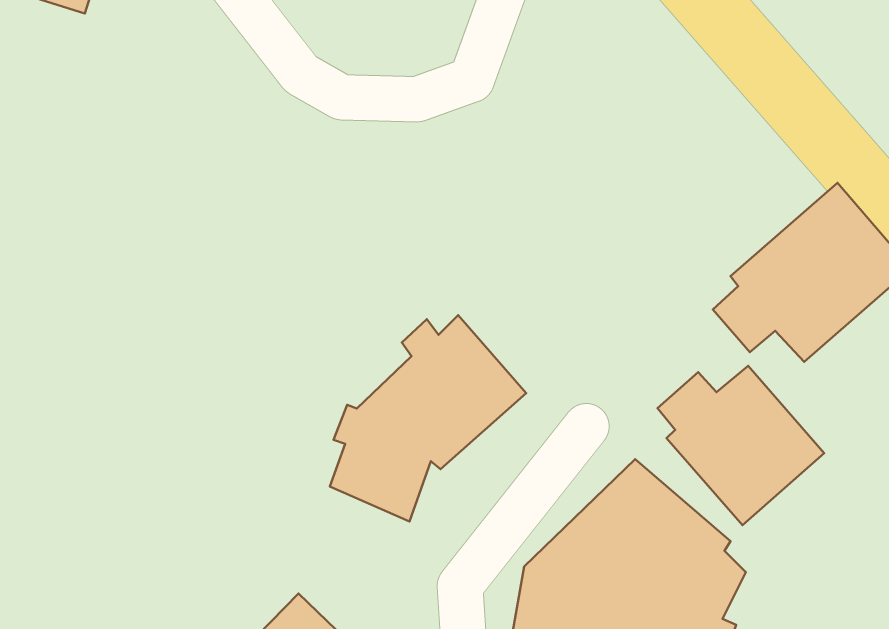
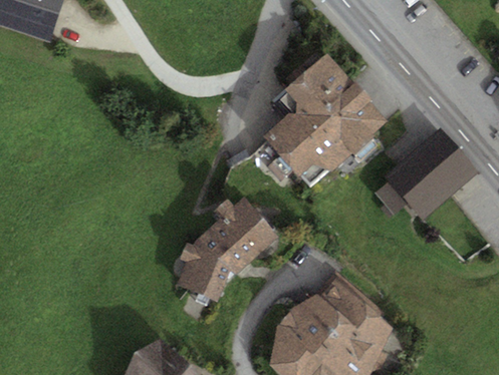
building: none -> [262,53,386,177]
building: [657,366,824,525] -> none

